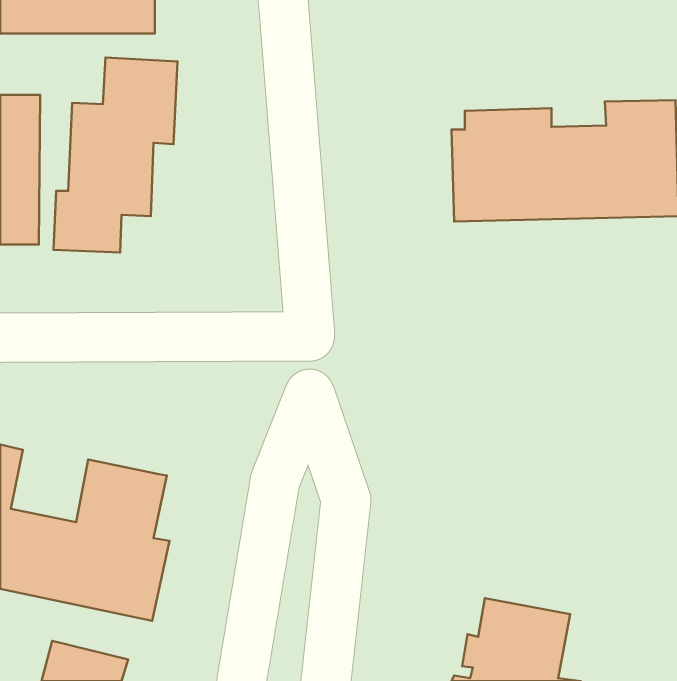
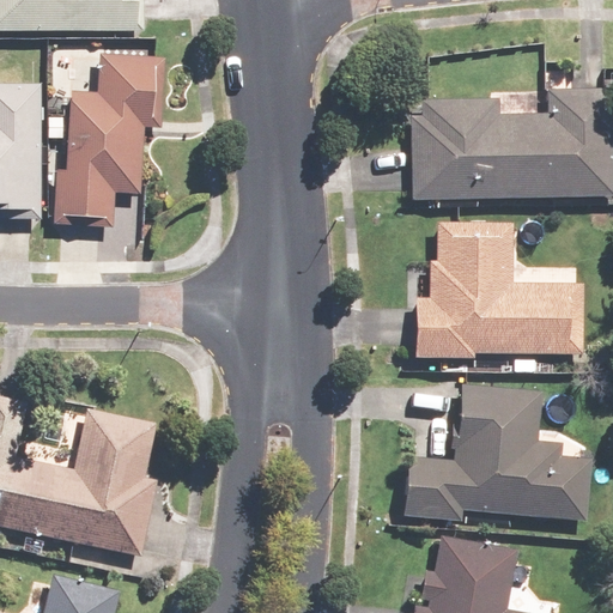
building: none -> [413,223,584,359]
building: none -> [403,383,590,522]

